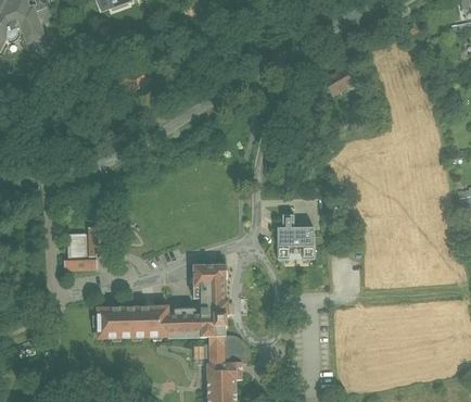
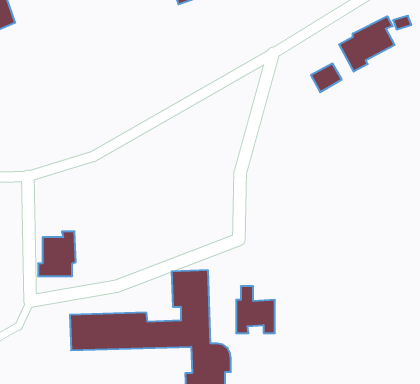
building: none -> [339,16,395,72]
building: [279,216,316,261] -> [236,286,275,333]

